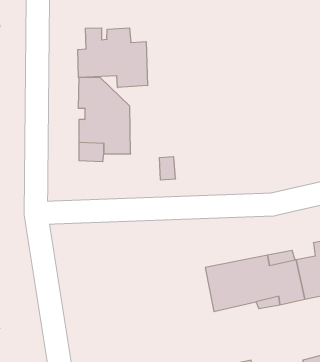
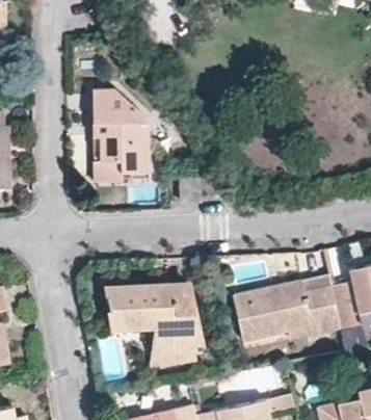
building: [78,28,148,88] -> none
building: none -> [108,282,203,366]

